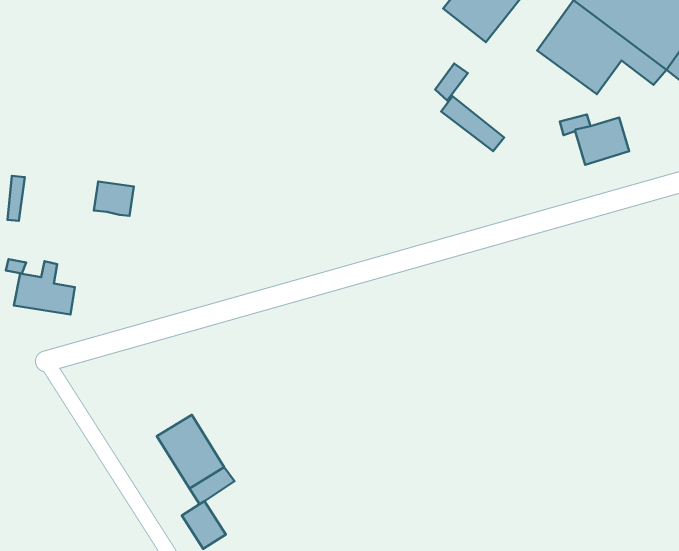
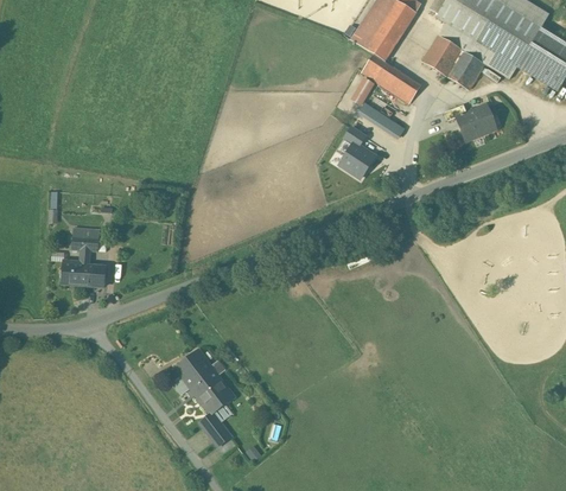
building: none -> [361,55,420,102]
building: none -> [337,140,376,179]
building: [94,182,134,216] -> [71,228,98,250]

